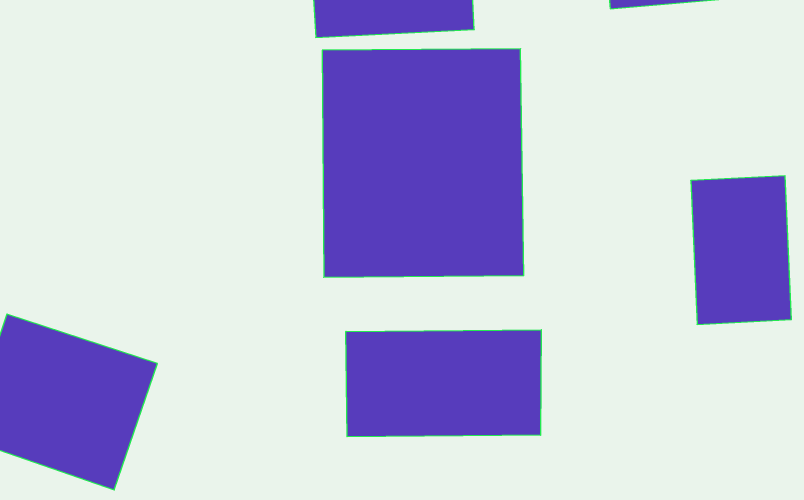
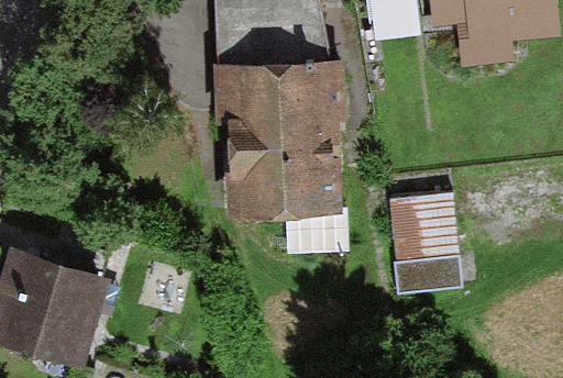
building: [691,176,791,324] -> [394,192,463,294]
building: [346,330,541,437] -> none

